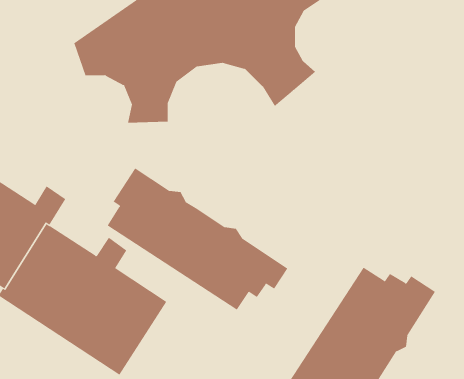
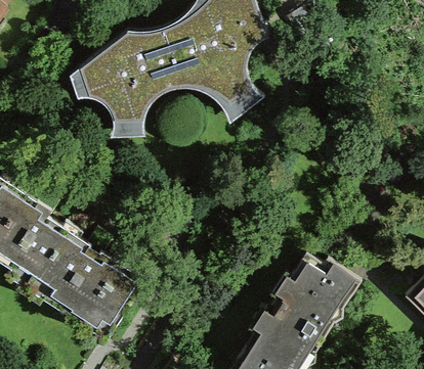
building: [107,168,288,311] -> none

